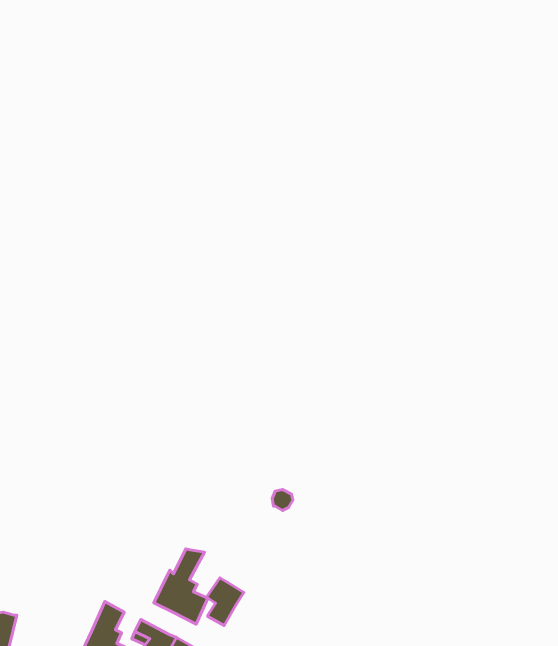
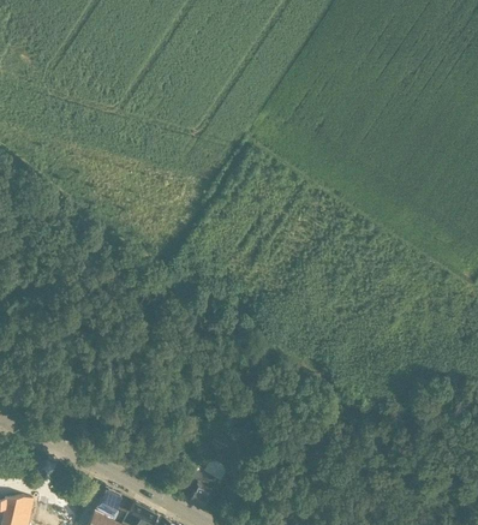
building: [154,549,208,624] -> none

